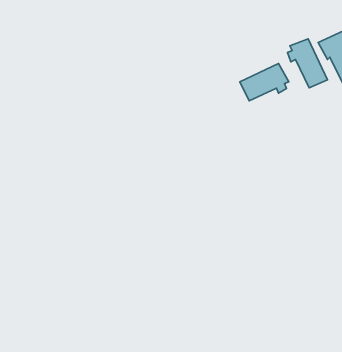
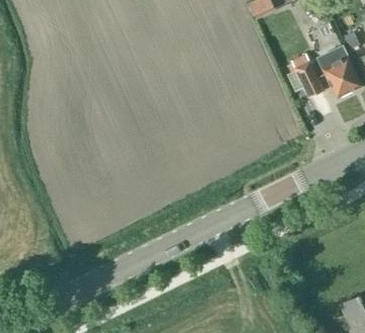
building: [240,63,289,101] -> none

